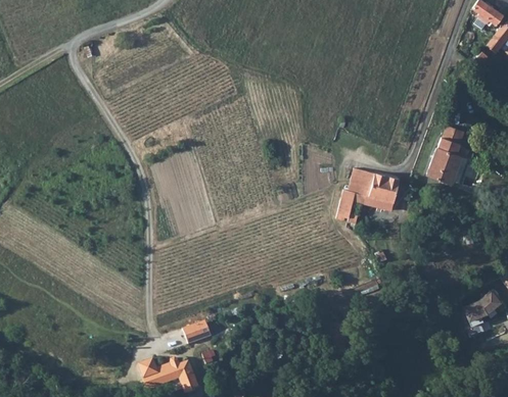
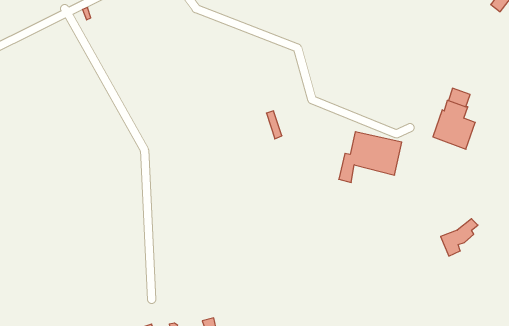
building: [462,288,499,325] -> [441,219,478,256]
building: [182,319,211,343] -> none

